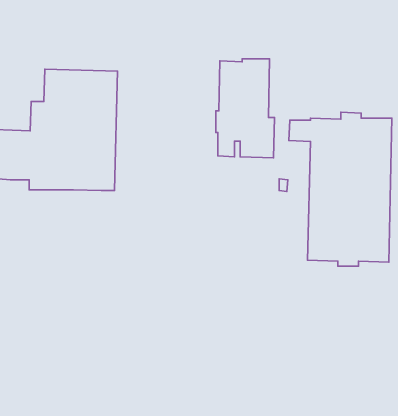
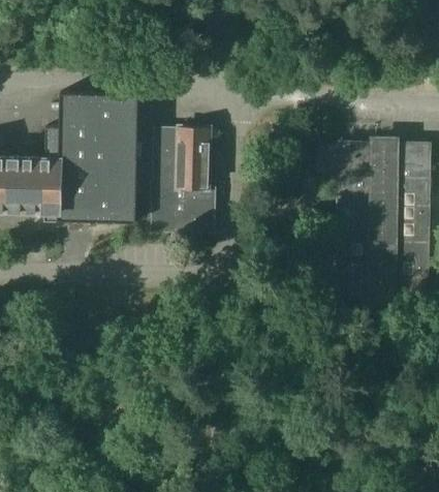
building: [216,59,275,158] -> [154,126,216,230]

